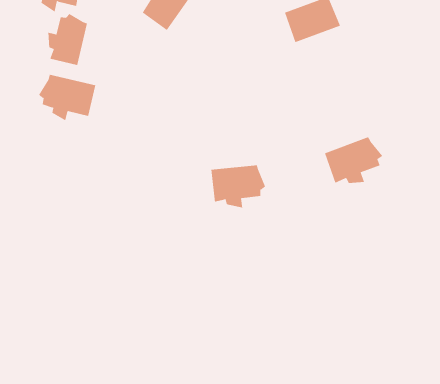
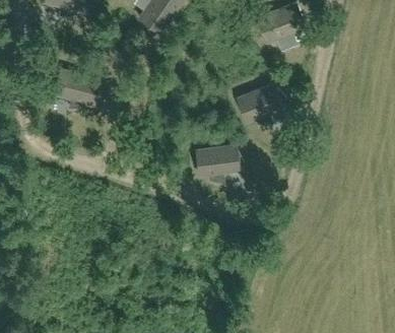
building: [48,13,87,66] -> none
building: [324,136,383,183] -> [236,83,285,123]

